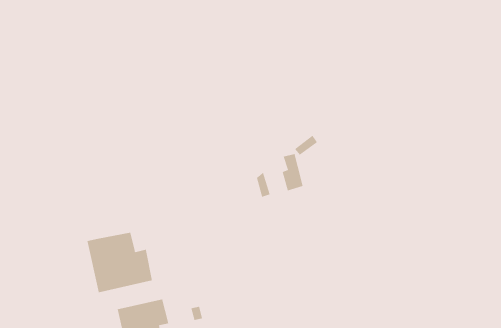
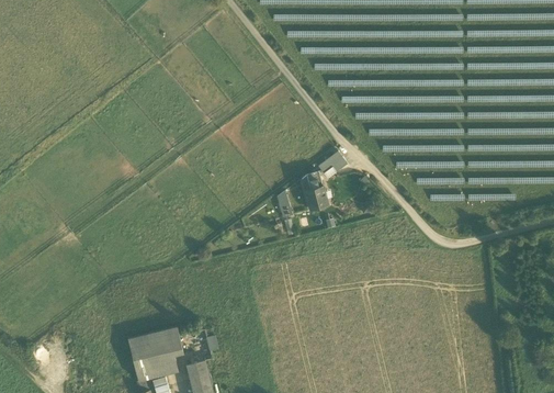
building: [87,232,153,293] -> none

